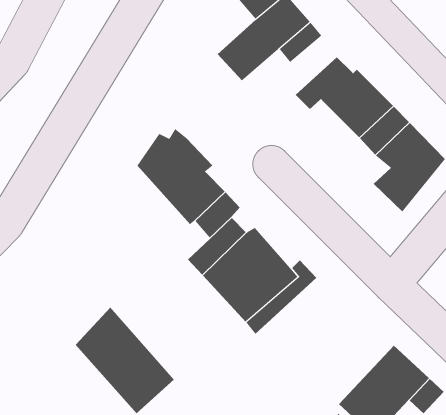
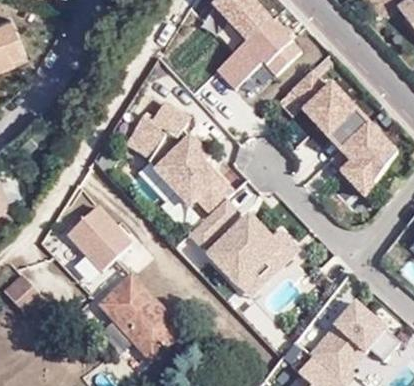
building: none -> [127,104,188,159]
building: none -> [63,203,131,270]

